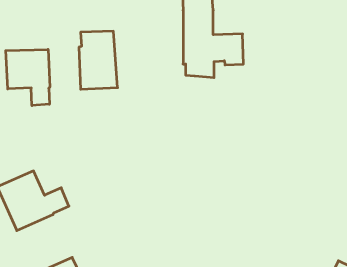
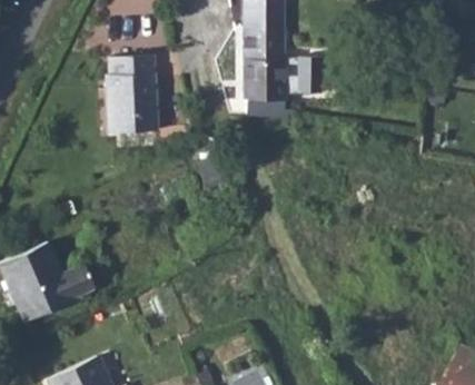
building: [6,49,50,106] -> none

